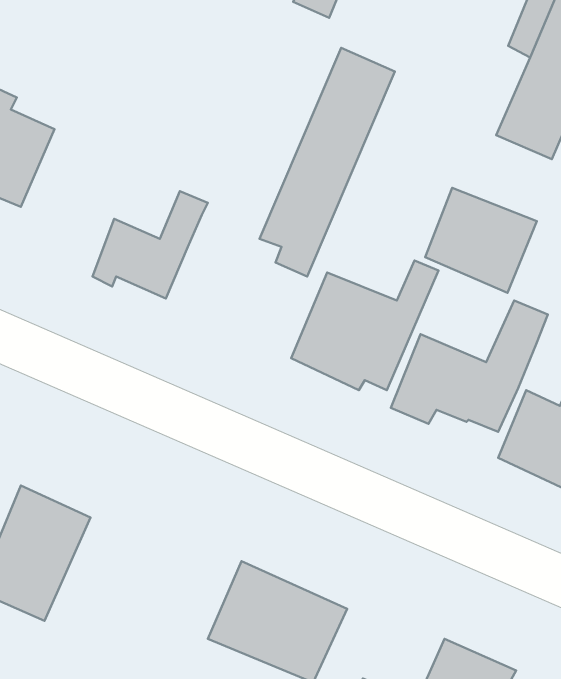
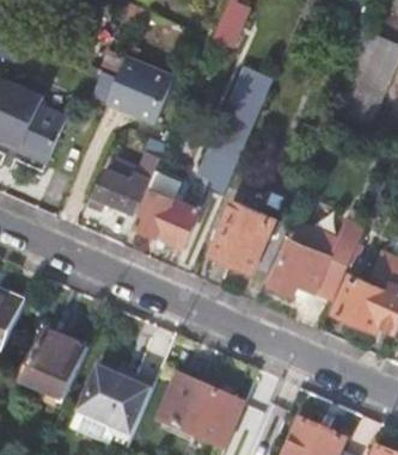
building: none -> [104,55,172,122]
building: [425,188,537,293] -> none
building: none -> [134,166,195,245]
building: none -> [73,365,149,438]

